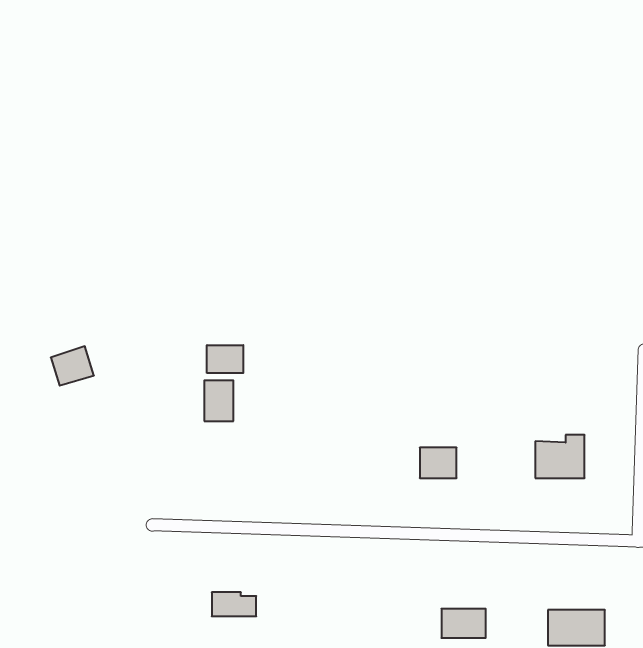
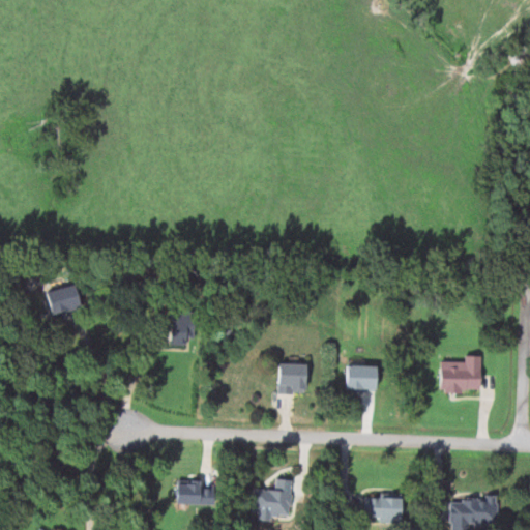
building: [207,345,243,373] -> none
building: none -> [278,363,307,392]
building: none -> [253,478,293,518]

